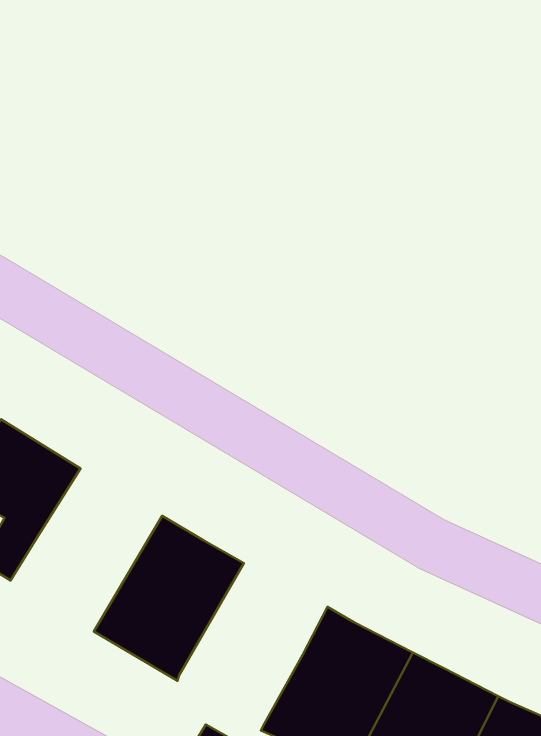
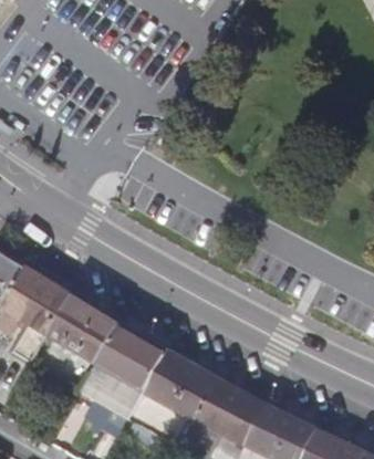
building: none -> [33,295,122,390]
building: none -> [132,351,218,444]

